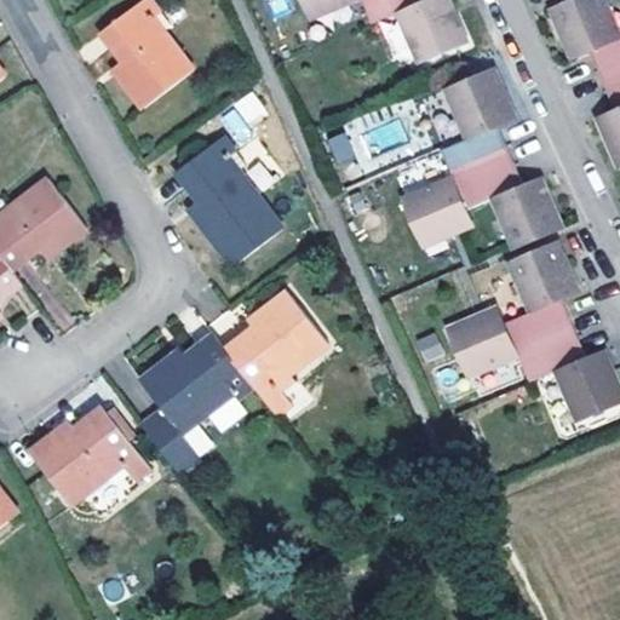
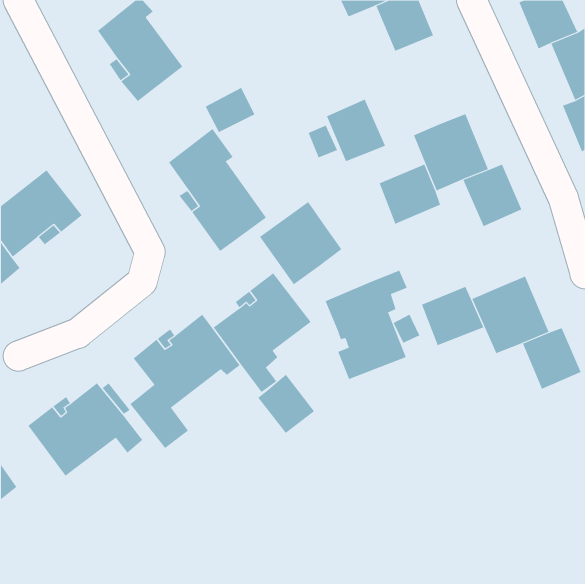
building: [444,65,507,132] -> [326,99,386,162]
building: none -> [259,201,342,285]
building: [506,237,569,305] -> none
building: none -> [325,270,408,380]
building: none -> [257,374,315,434]

